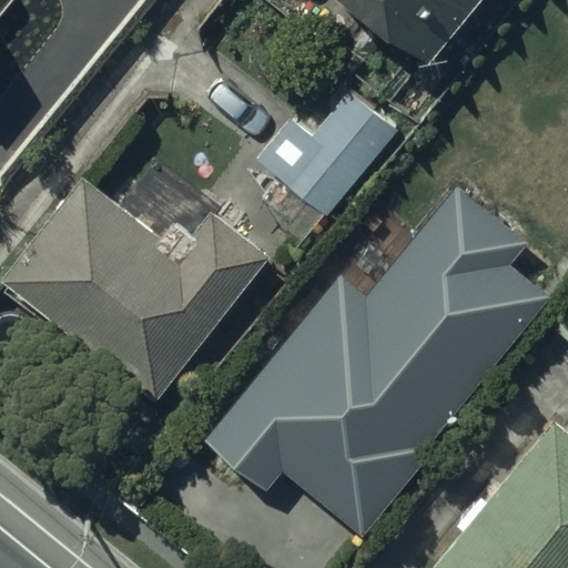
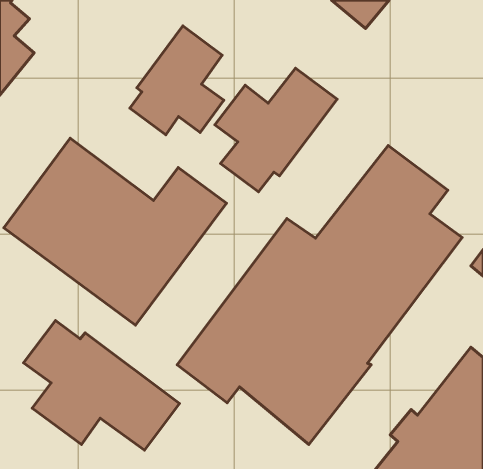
building: none -> [130,26,224,135]
building: none -> [24,320,180,450]

